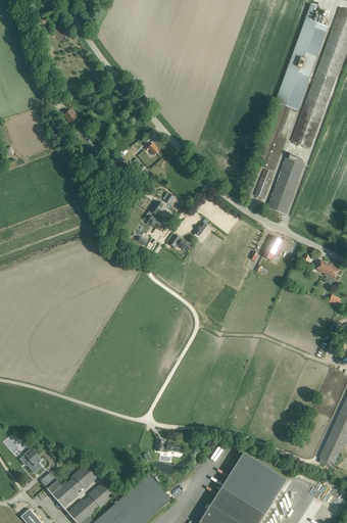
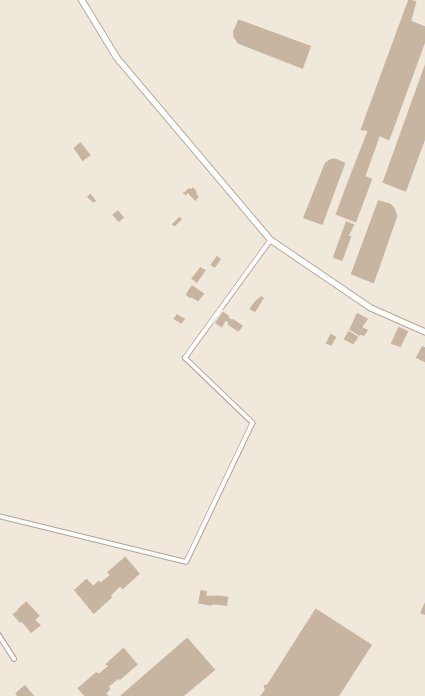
building: none -> [232,18,312,70]
building: none -> [302,158,346,226]
building: [46,464,96,508] -> [73,556,141,615]

